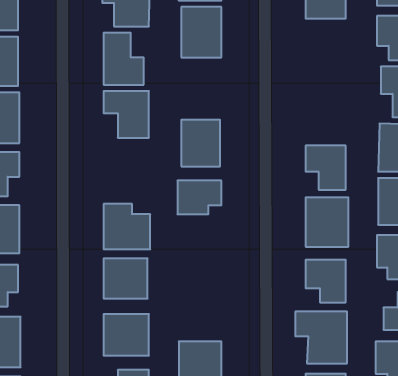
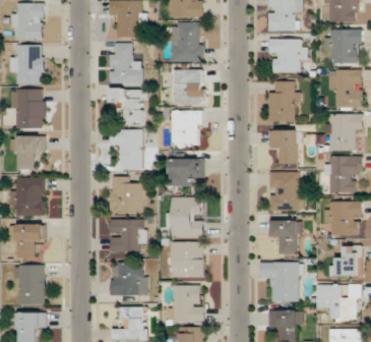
building: none -> [269,39,306,73]
building: none -> [174,69,204,106]
building: none -> [268,81,299,122]
building: none -> [111,129,142,170]
building: none -> [168,197,203,236]
building: none -> [171,242,204,279]

